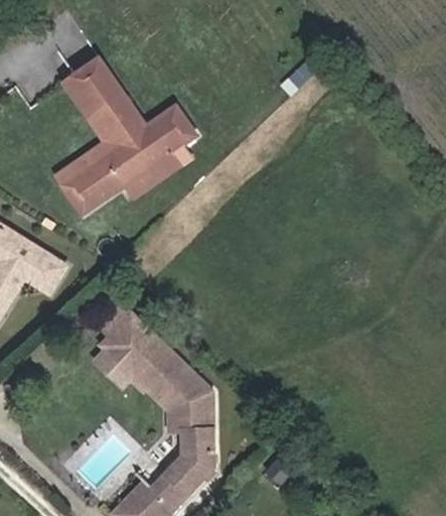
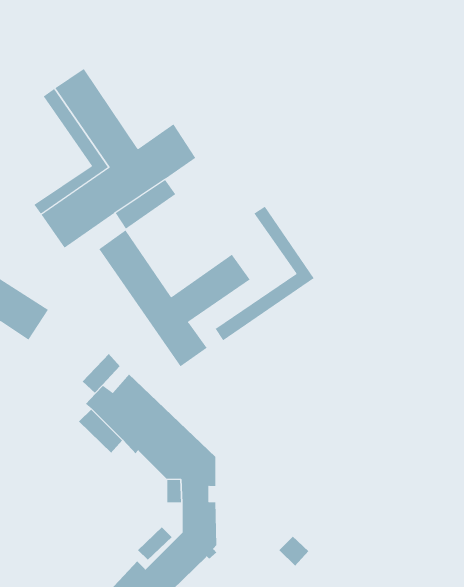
building: none -> [215,206,314,341]
building: none -> [99,230,251,367]

